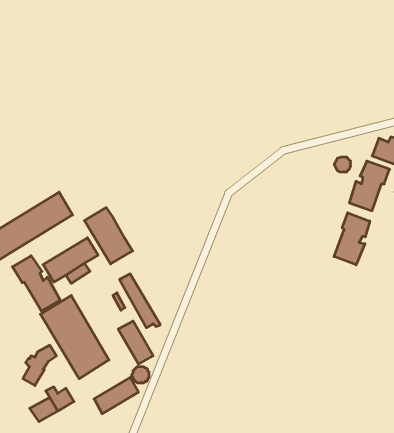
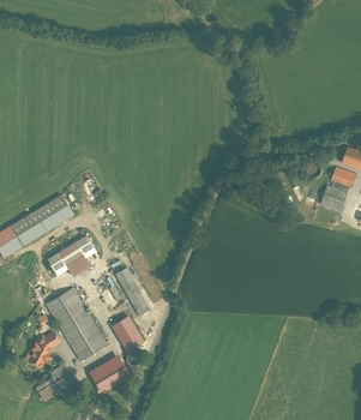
building: [84,208,133,264] -> none
building: [334,213,370,265] -> none
building: [12,256,60,311] -> none

